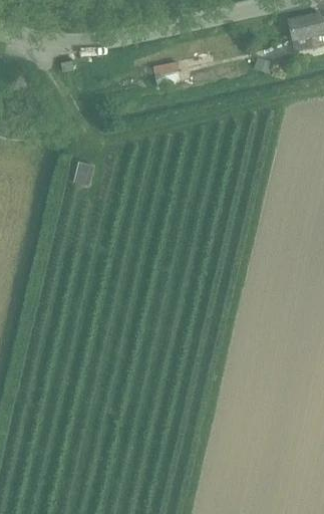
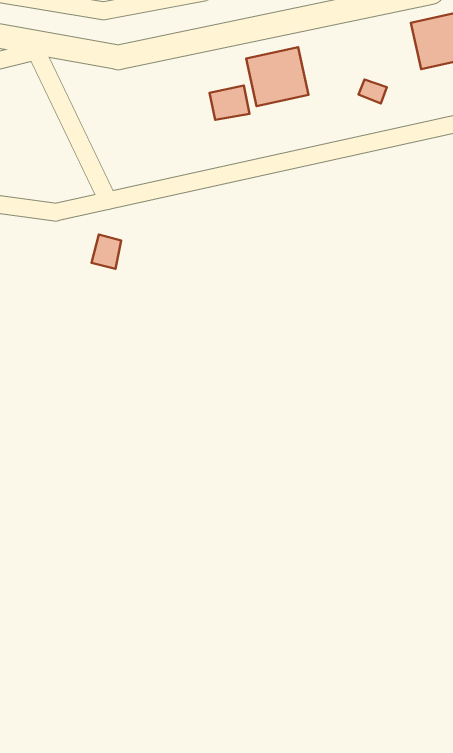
building: none -> [246,47,309,106]

